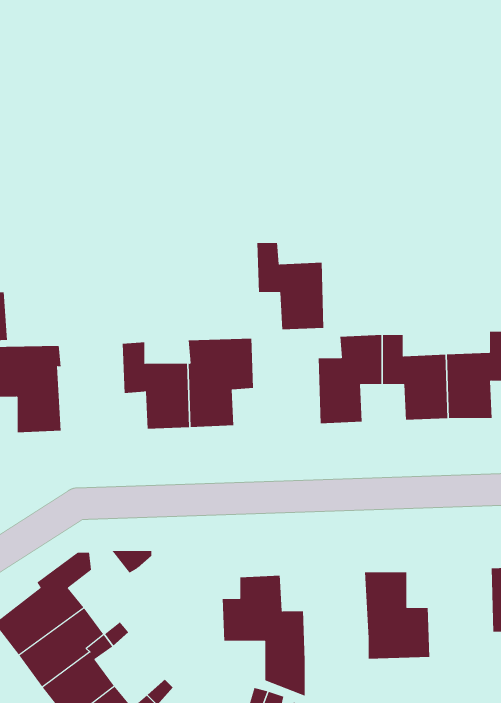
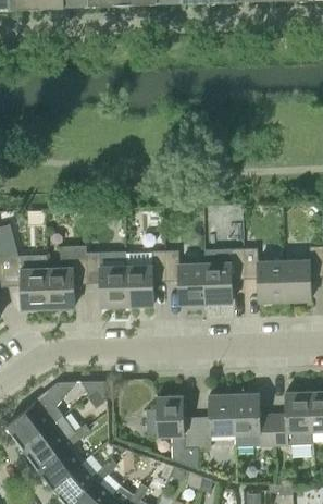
building: [256,243,324,330] -> [164,253,206,306]
building: none -> [46,256,86,309]
building: none -> [272,393,311,447]
building: none -> [196,395,235,450]

